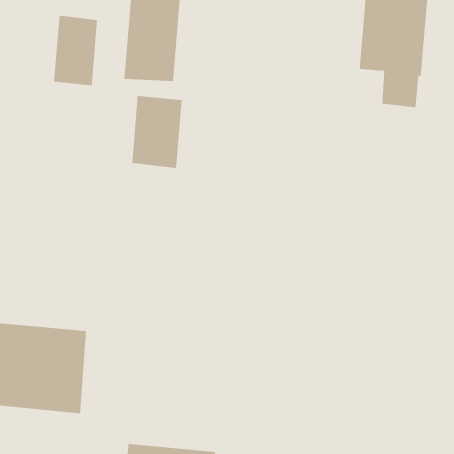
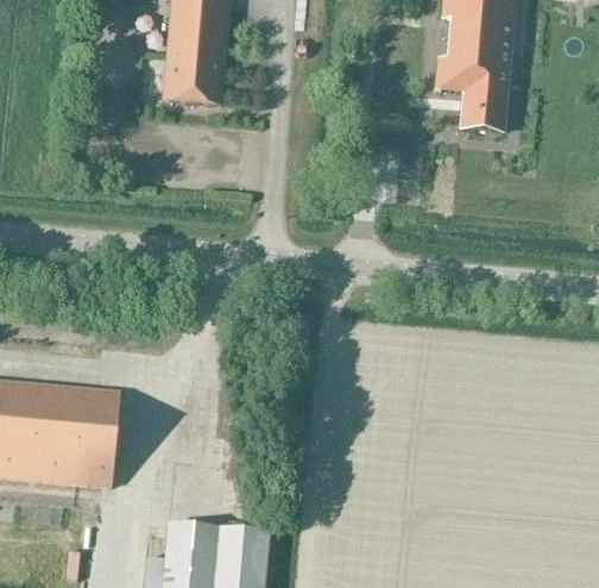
building: [54,15,97,86] -> none
building: [132,95,182,169] -> none

